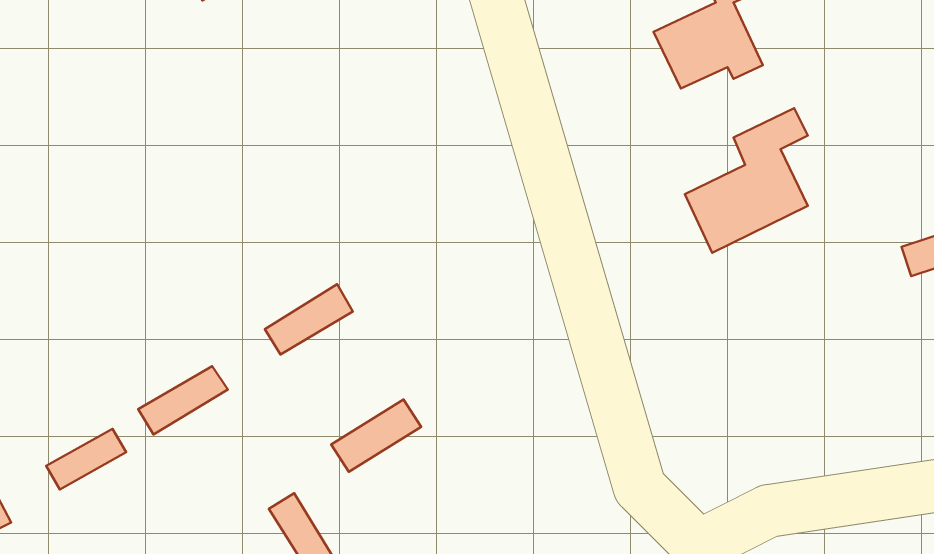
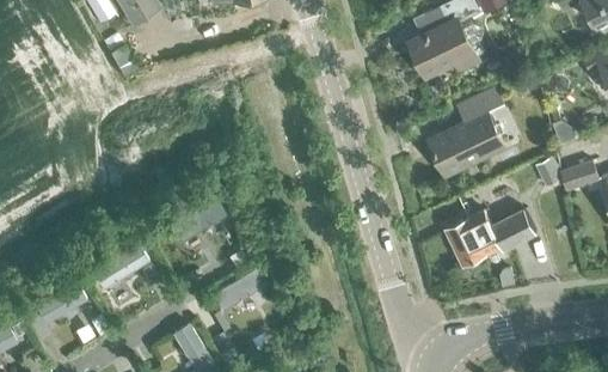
building: none -> [446,209,535,266]

